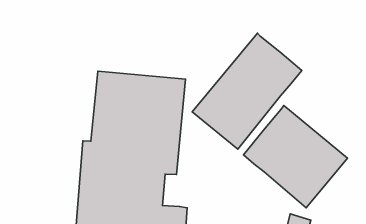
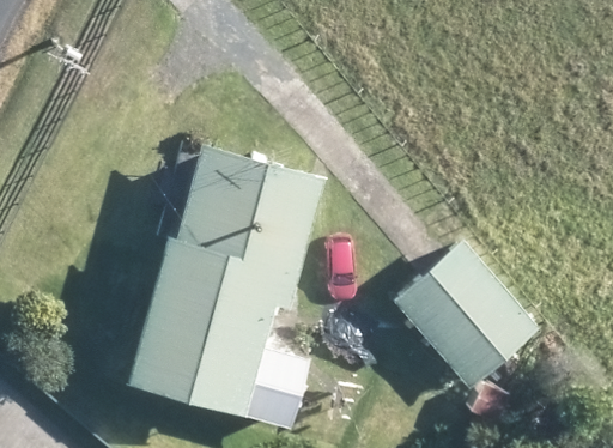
building: [192,33,302,149] -> none

